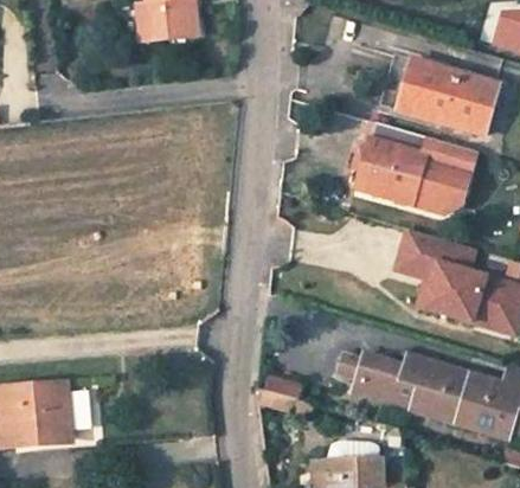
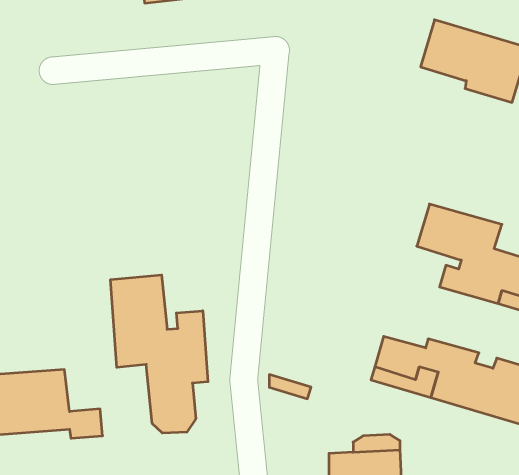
building: [354,122,475,213] -> none
building: none -> [111,275,208,433]

